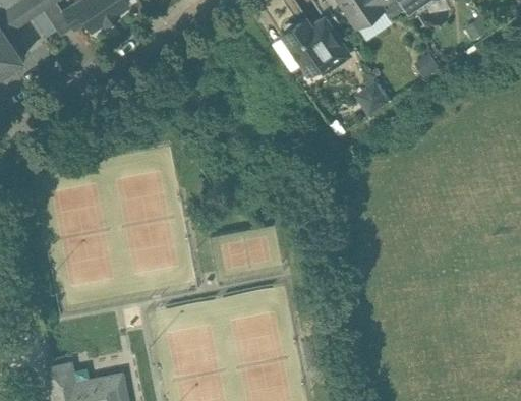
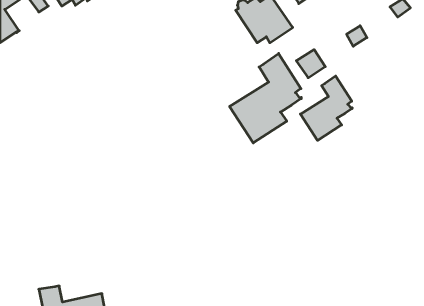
building: none -> [230,53,301,143]
building: none -> [300,76,352,140]

